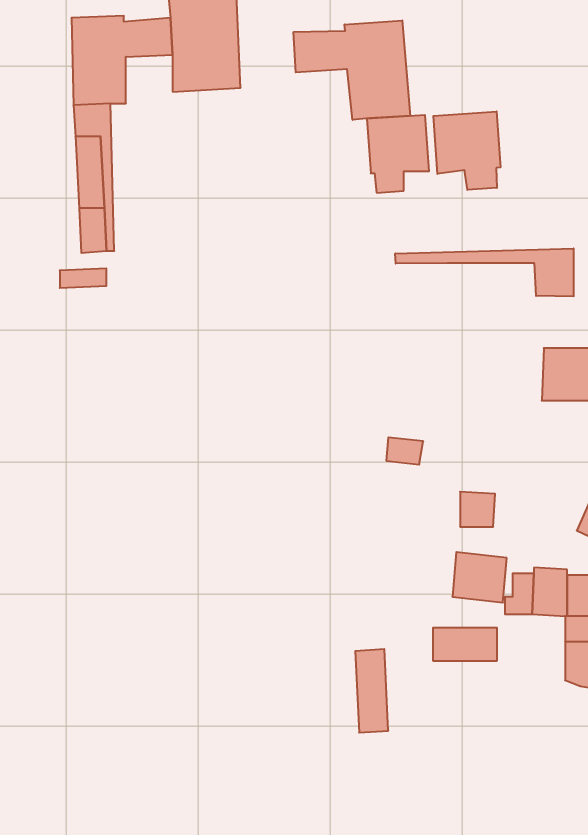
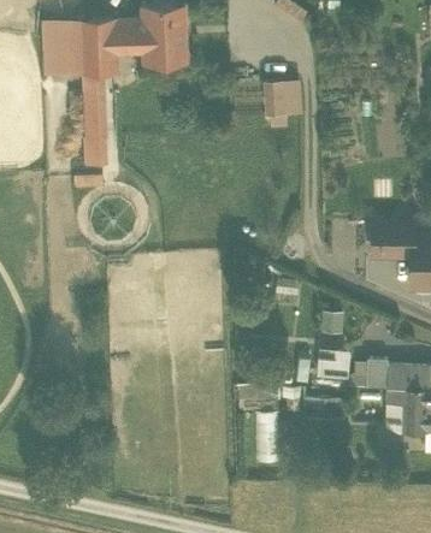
building: none -> [42,20,82,76]
building: [294,20,410,120] -> none
building: [433,111,500,190] -> none
building: [395,248,574,296] -> none

